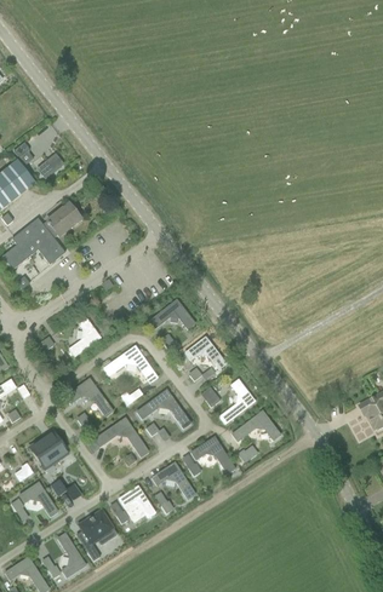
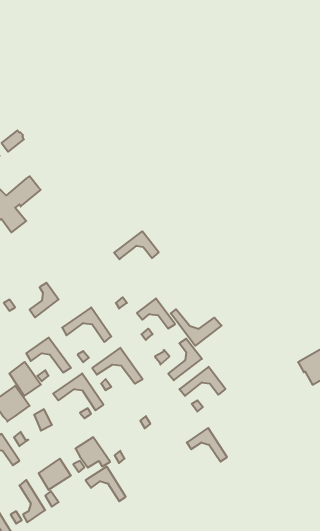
building: [145,299,194,329] -> [114,231,159,259]
building: none -> [171,309,222,346]
building: none -> [9,362,41,396]
building: [190,436,234,472] -> [187,428,227,462]
building: [150,461,194,499] -> [86,467,126,501]

